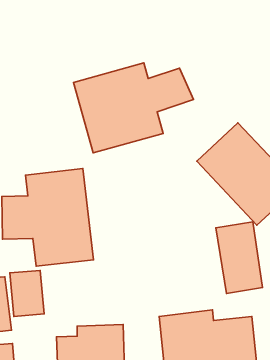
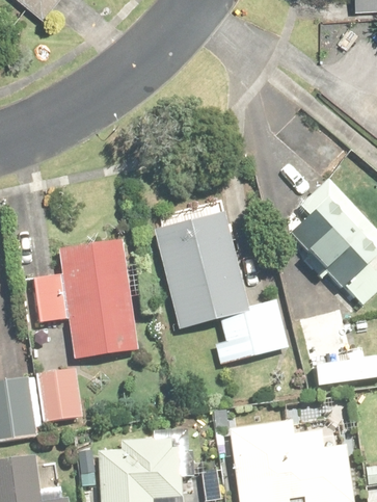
building: [74,63,193,153] -> none
building: none -> [133,218,272,376]

